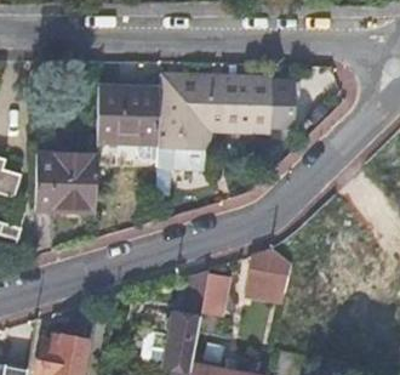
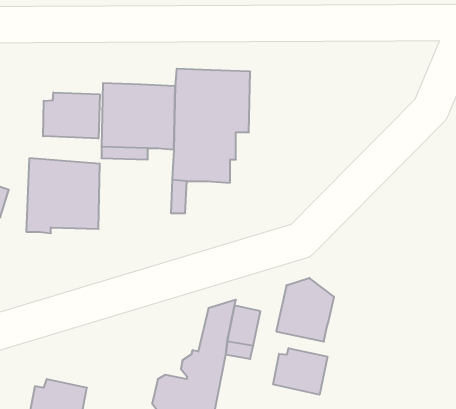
building: [221,76,293,130] -> none
building: none -> [43,92,100,139]
building: none -> [273,348,327,395]

